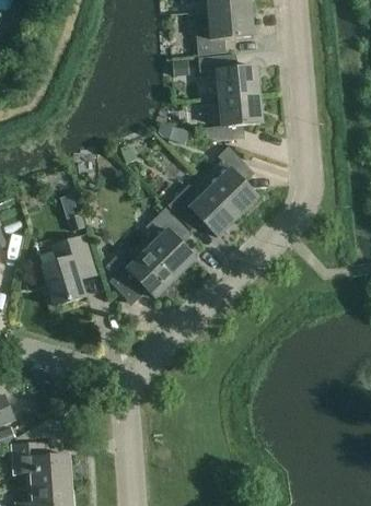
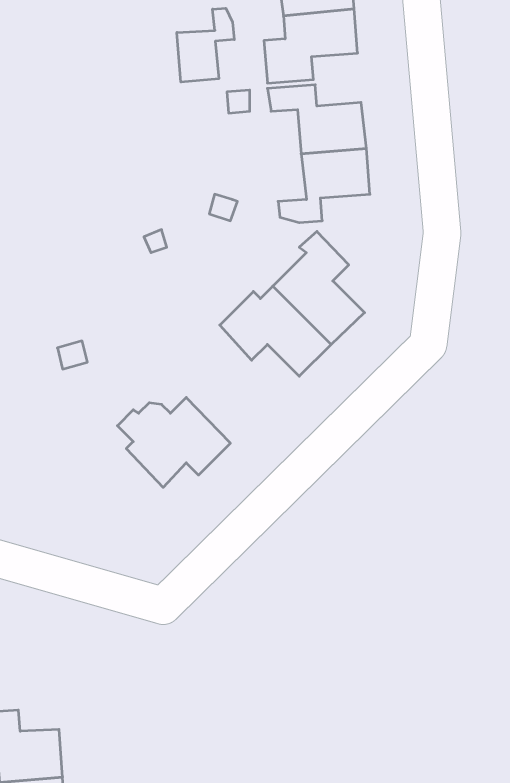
building: none -> [177,8,234,82]
building: [147,207,196,276] -> none
building: [42,235,94,305] -> none

